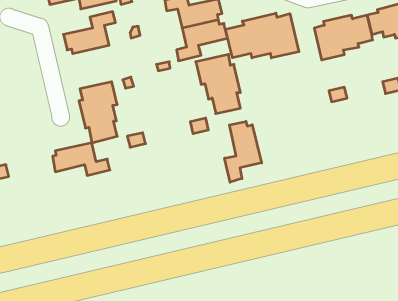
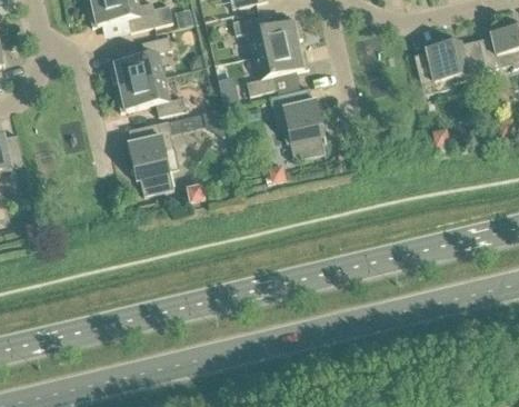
building: [225,13,299,58] -> none
building: [225,121,262,182] -> none
building: [53,143,110,175] -> [117,75,187,115]

